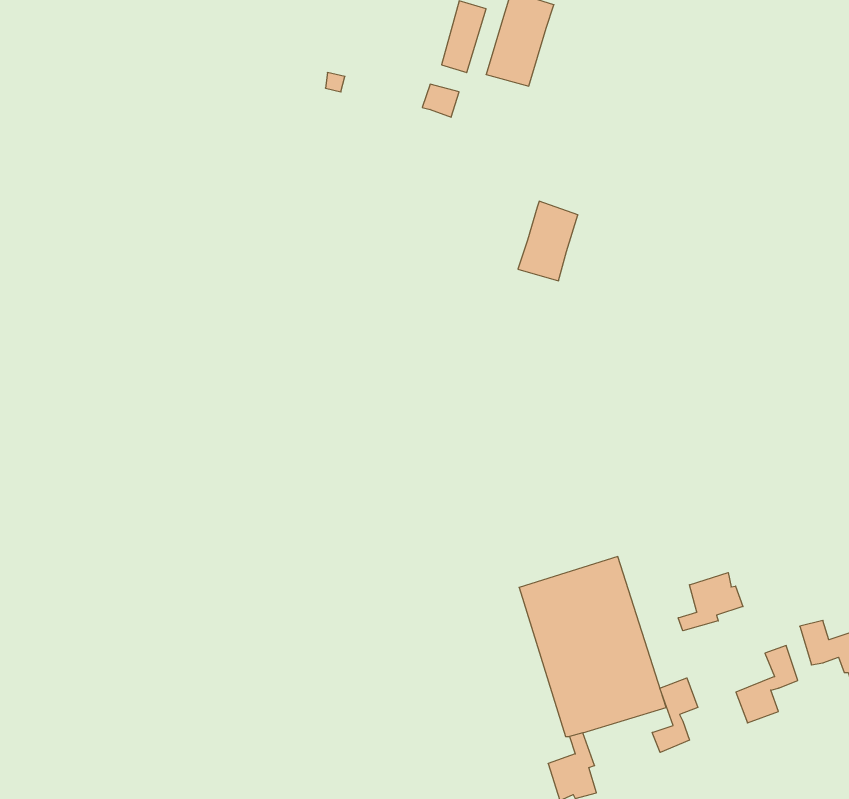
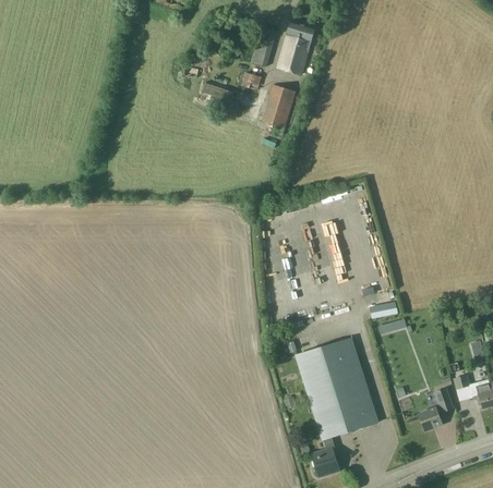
building: [518,201,578,281] -> [261,83,294,127]
building: [678,573,743,631] -> none
building: [652,678,698,752] -> none

